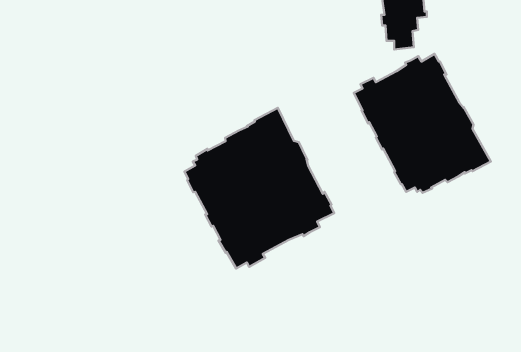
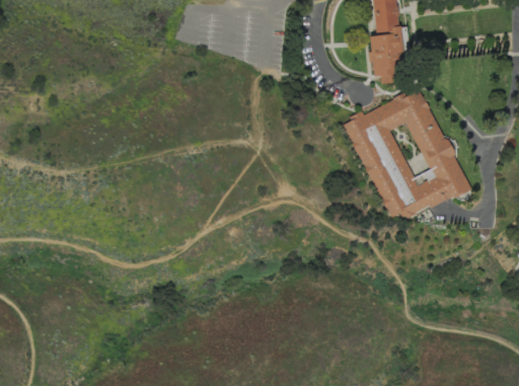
building: [184,108,334,269] -> none

